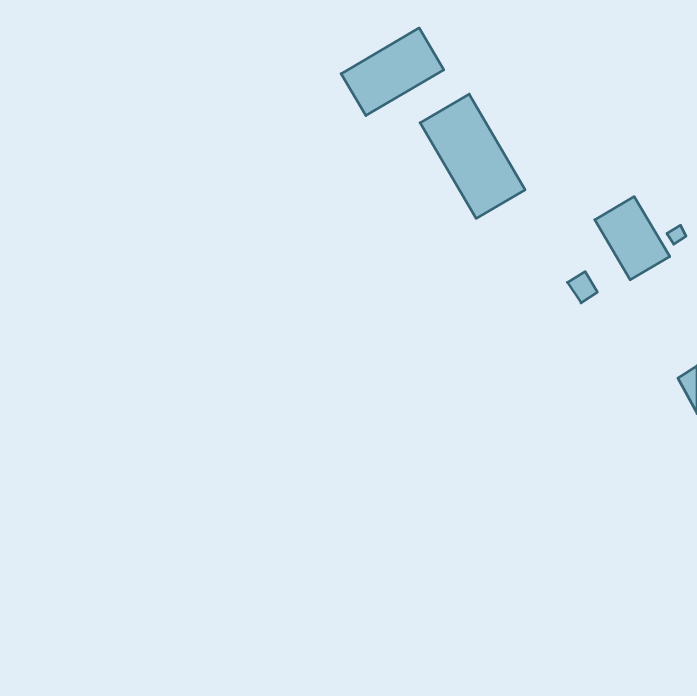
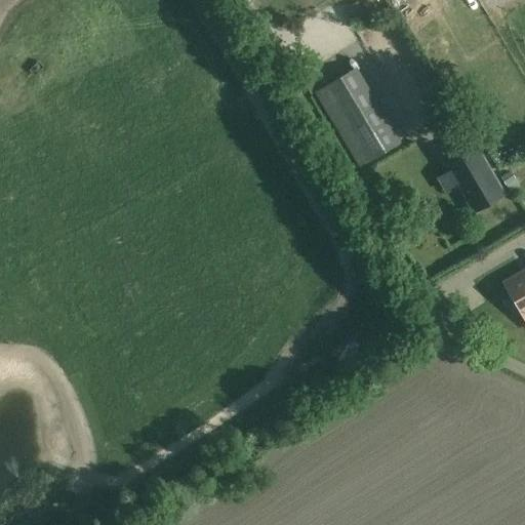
building: [341,28,444,116] -> none

